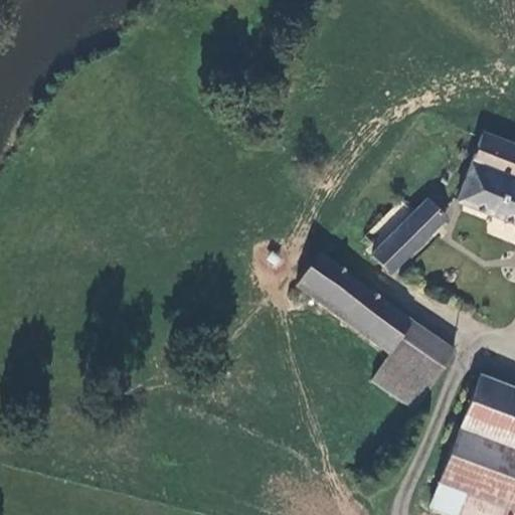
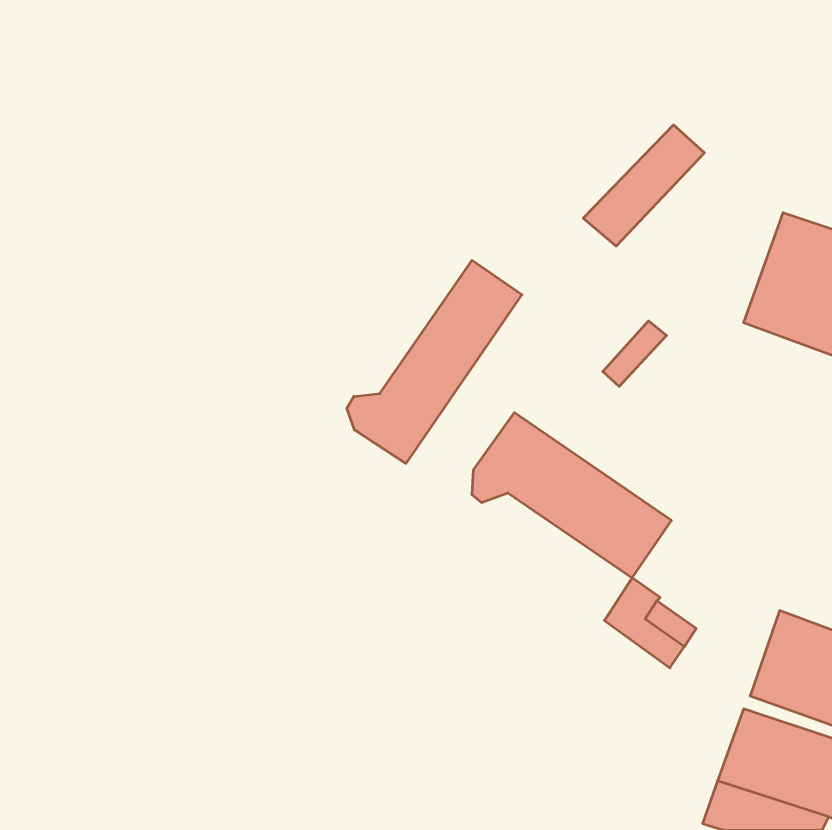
building: none -> [347,260,522,463]
building: [373,196,448,271] -> [583,125,704,246]
building: [391,320,458,384] -> none

